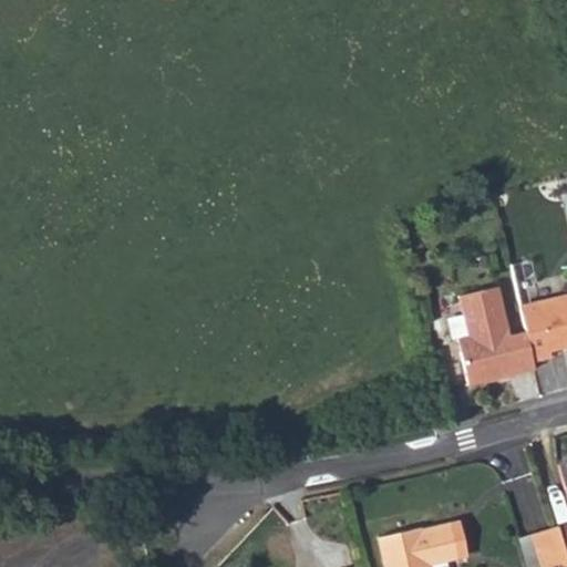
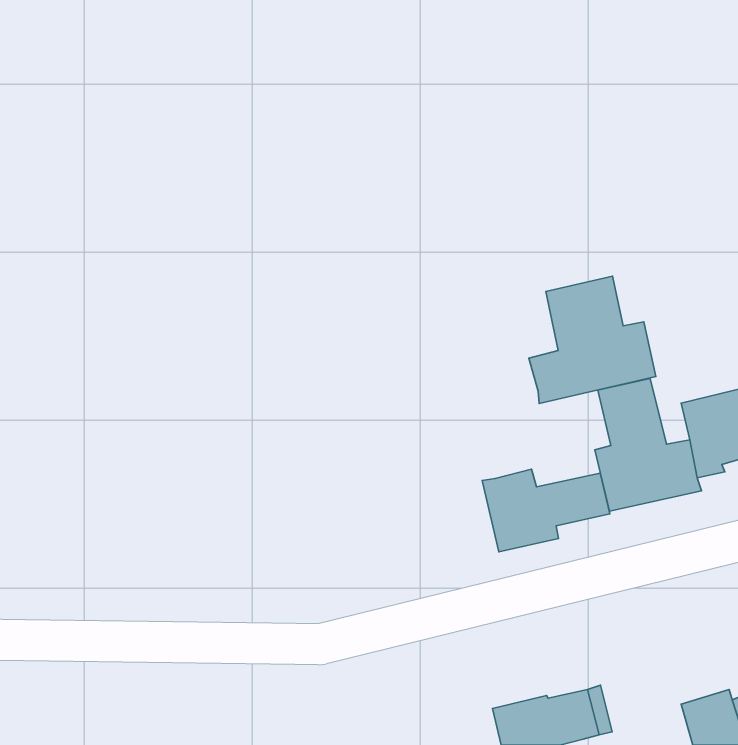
building: none -> [529,276,656,404]
building: none -> [482,469,610,552]

